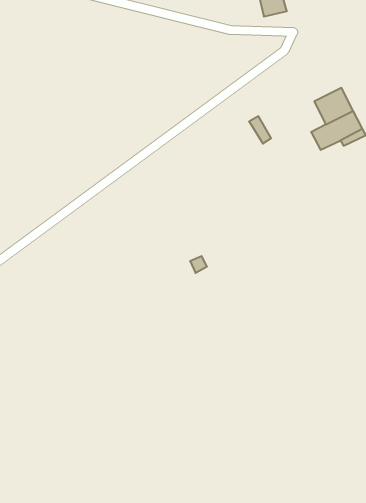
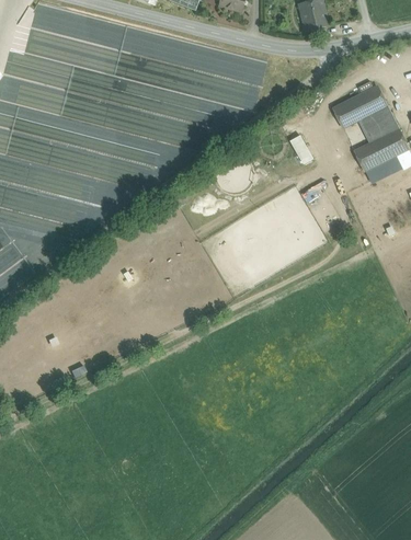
building: none -> [332,85,385,127]

